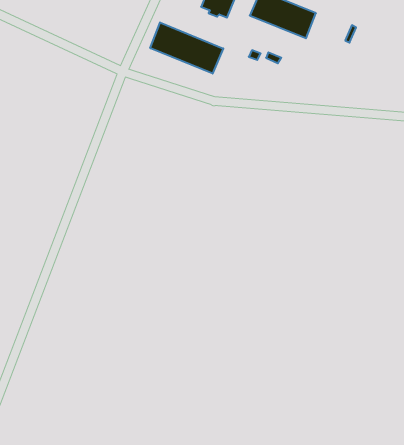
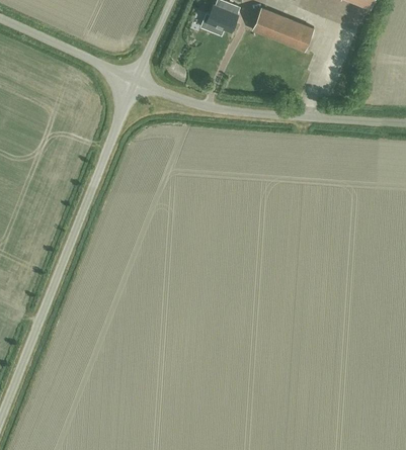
building: [150,22,223,74] -> none

